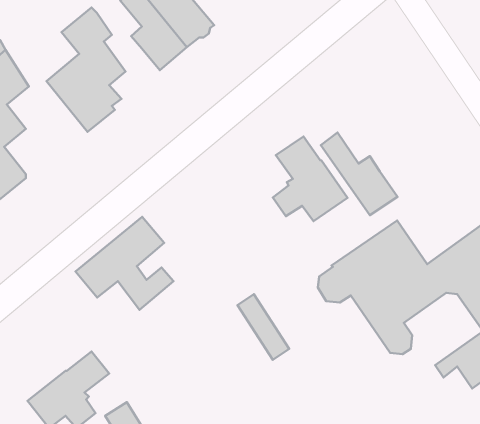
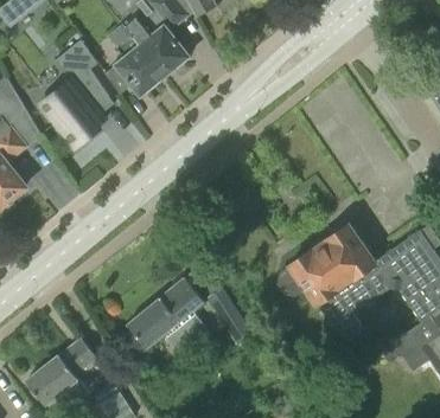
building: [321,132,398,215] -> none
building: [273,136,348,221] -> none
building: [75,217,174,310] -> [126,277,211,358]

